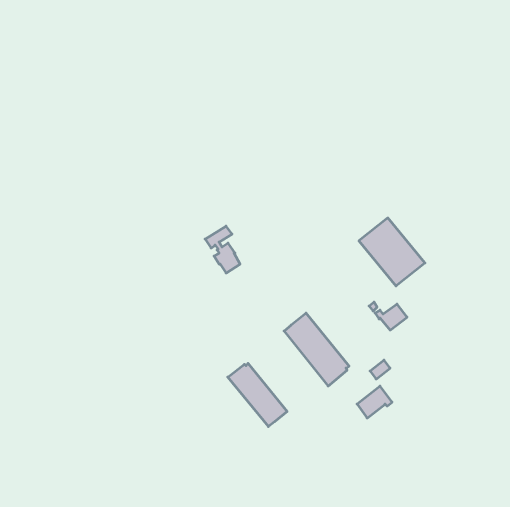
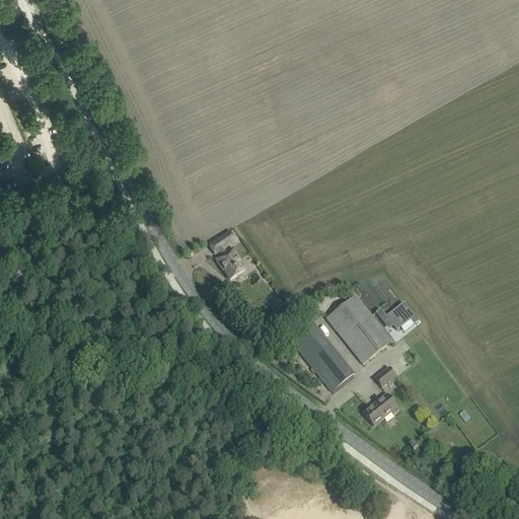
building: [359,218,425,286] -> [324,293,391,362]
building: [228,363,287,427] -> none

